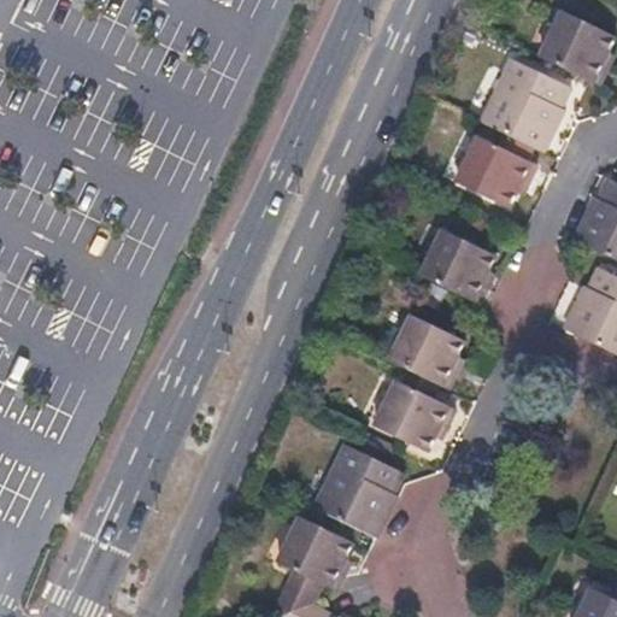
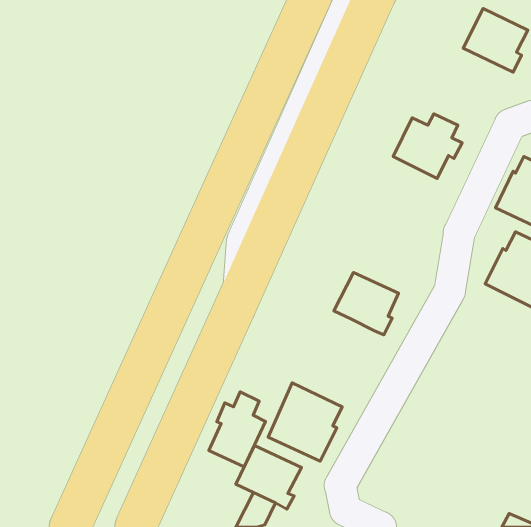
building: [482,60,569,151] -> none
building: [422,228,493,300] -> none
building: [372,369,452,448] -> none
building: none -> [209,392,265,467]

